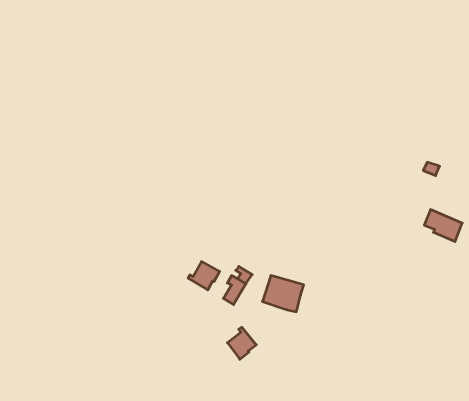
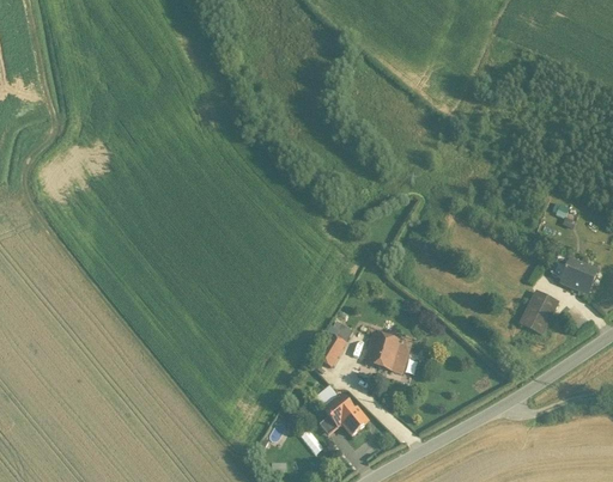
building: none -> [523,292,560,335]
building: [188,262,220,290] -> none

